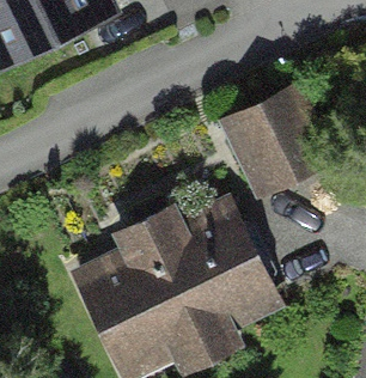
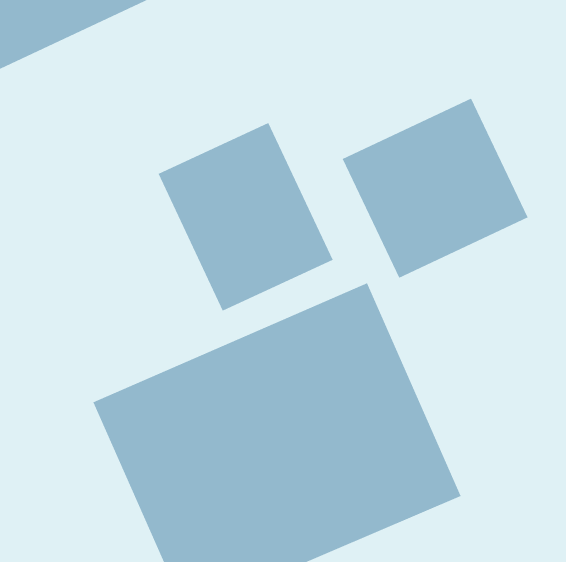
building: none -> [158,122,333,311]

